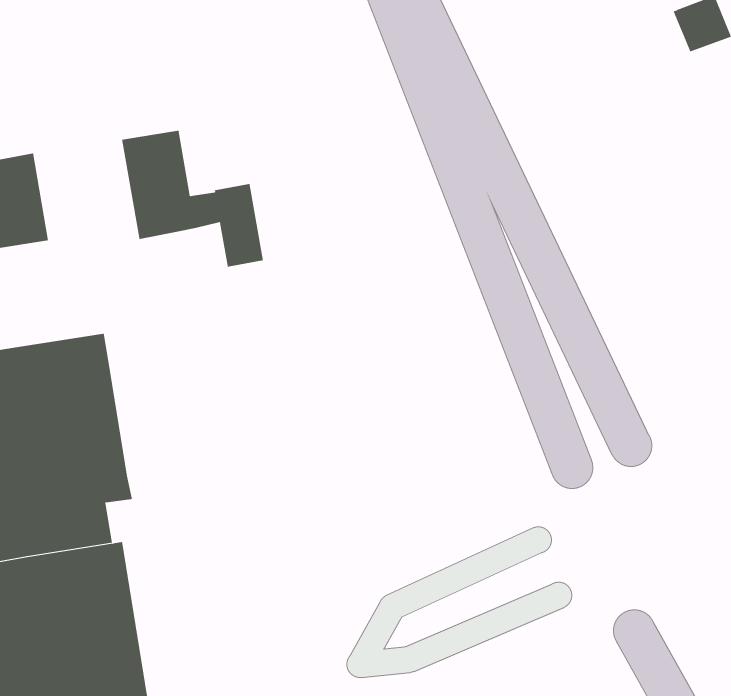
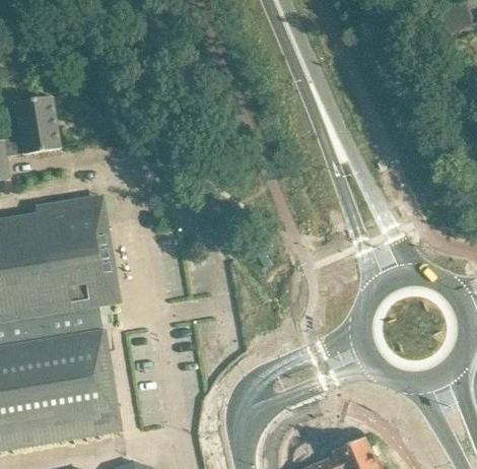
building: [122,130,263,267] -> none

